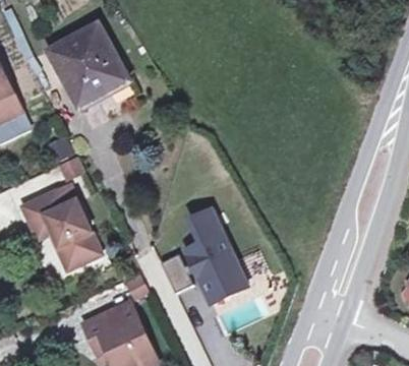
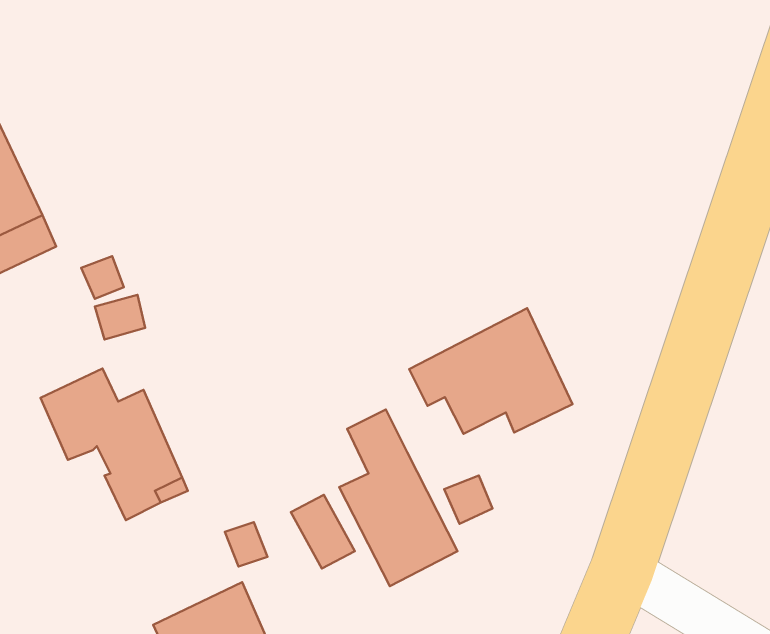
building: [51,22,130,105] -> none
building: none -> [409,308,573,434]

